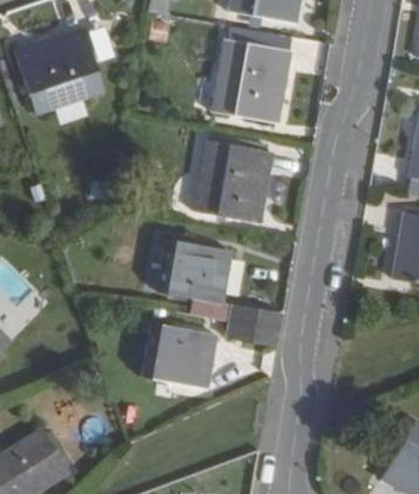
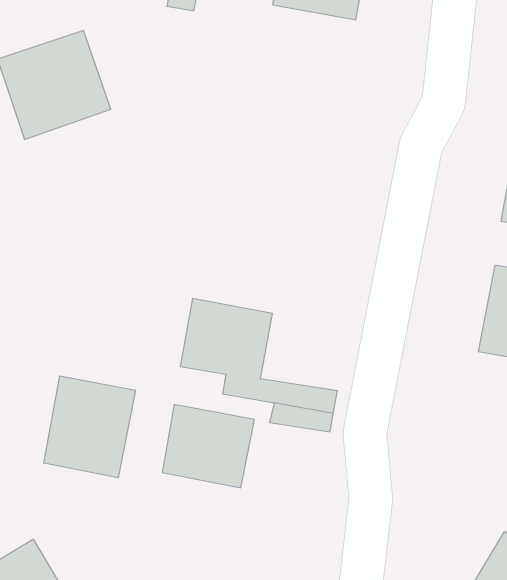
building: [212,38,291,122] -> none
building: [193,140,273,222] -> none
building: none -> [44,376,135,478]

